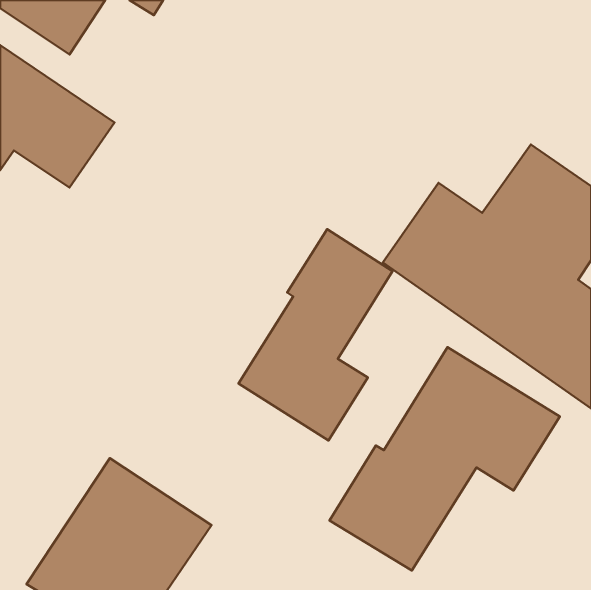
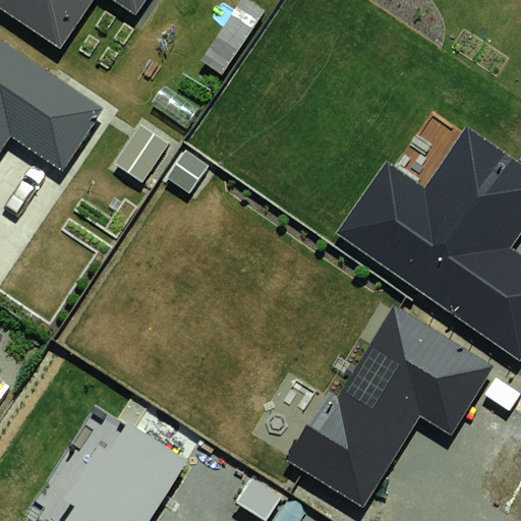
building: [238,229,392,440] -> none

